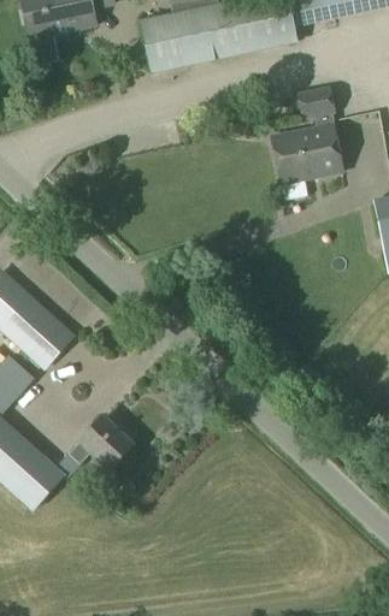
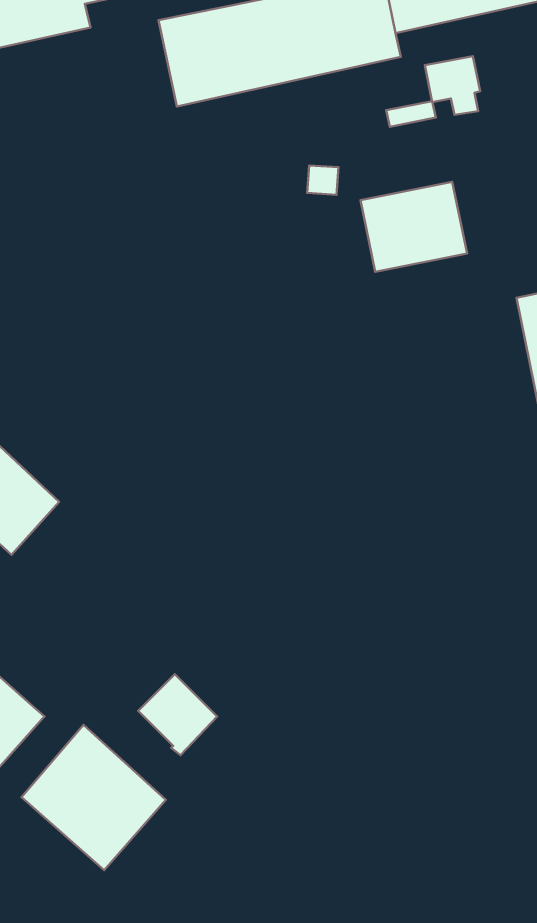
building: [296,87,332,125] -> [425,56,480,115]
building: [81,415,132,468] -> [138,674,217,755]
building: none -> [22,725,166,870]

